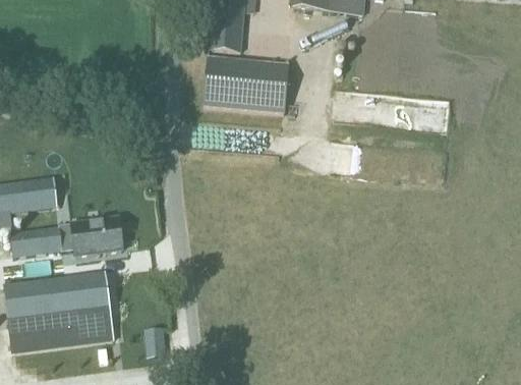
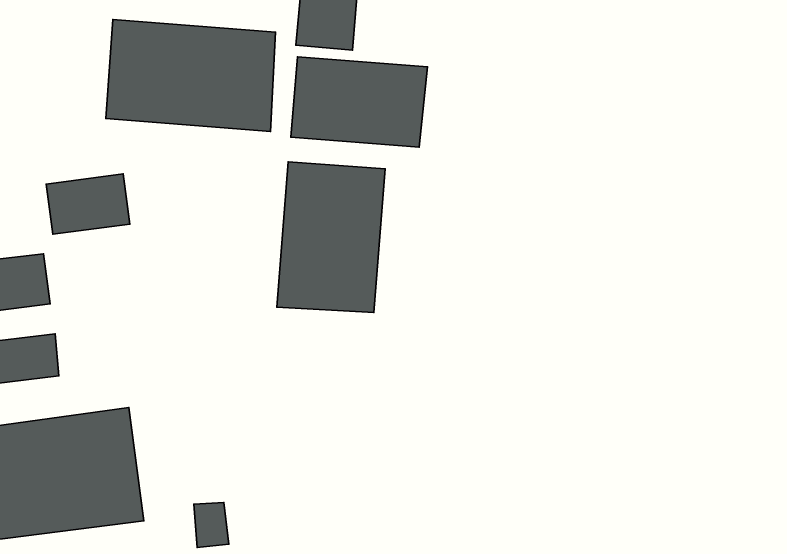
building: none -> [106,20,275,132]
building: none -> [277,162,385,312]
building: [72,218,123,255] -> [46,174,130,234]

